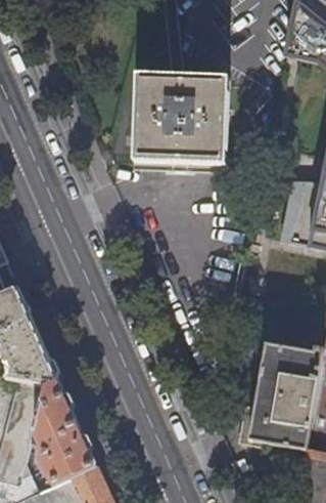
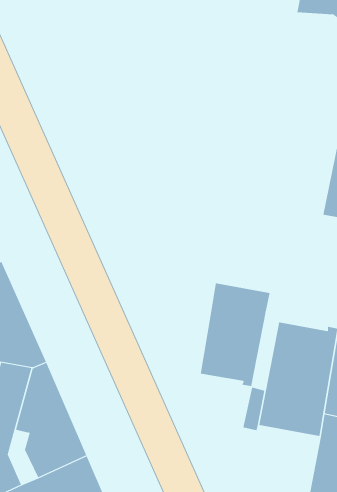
building: [135,76,230,173] -> none
building: none -> [200,282,270,387]

